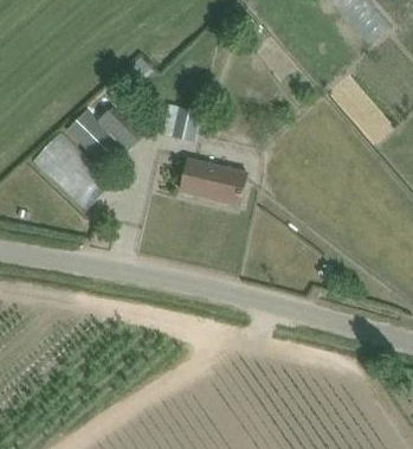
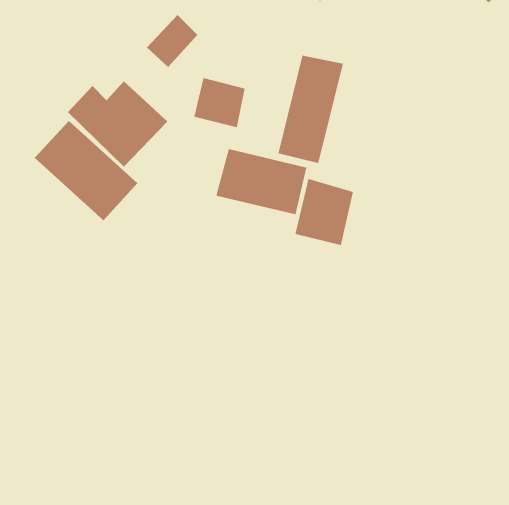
building: none -> [278,55,344,164]
building: none -> [295,178,354,246]

